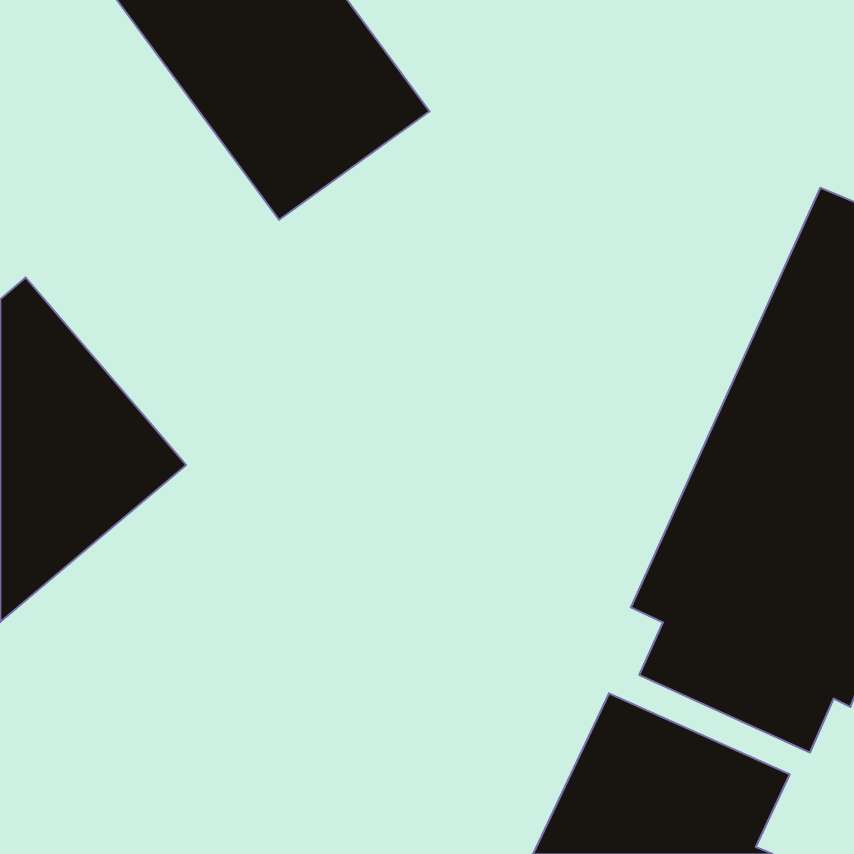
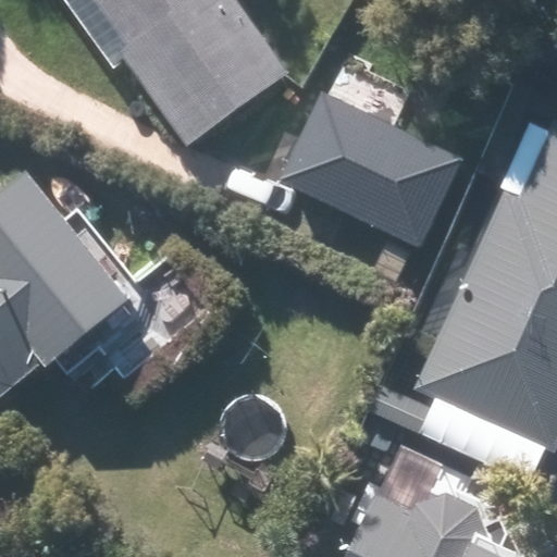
building: none -> [277,89,470,252]

